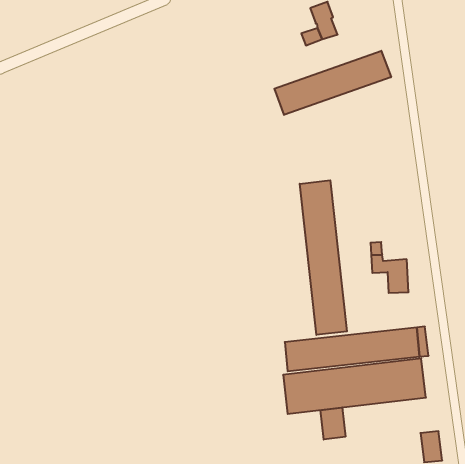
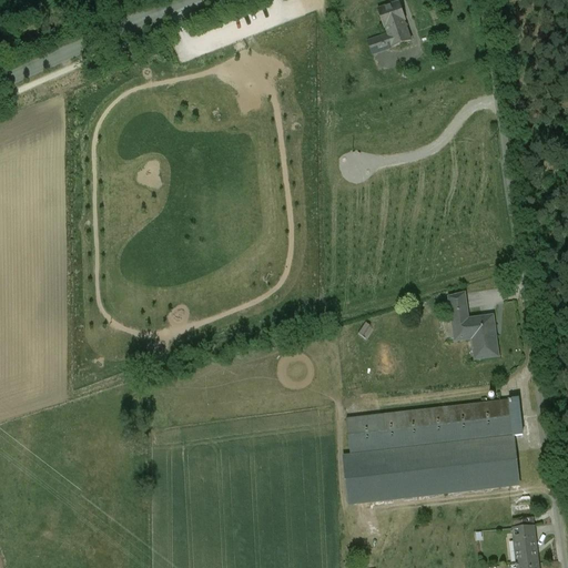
building: [274,51,391,115] -> none
building: [300,180,347,335] -> none
building: [321,407,345,440] -> none

